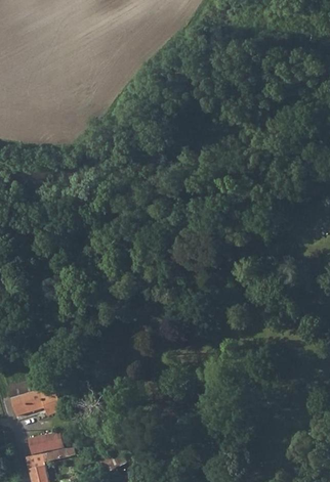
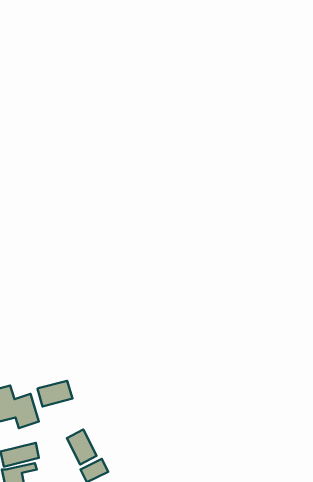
building: none -> [37,381,72,407]
building: none -> [67,430,96,464]

